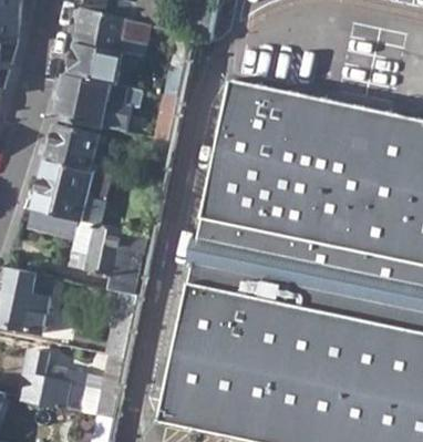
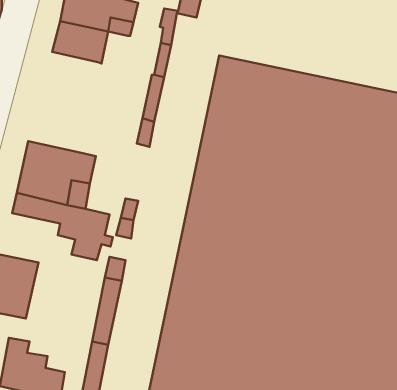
building: [55,74,141,133] -> none
building: [44,125,97,172] -> none

